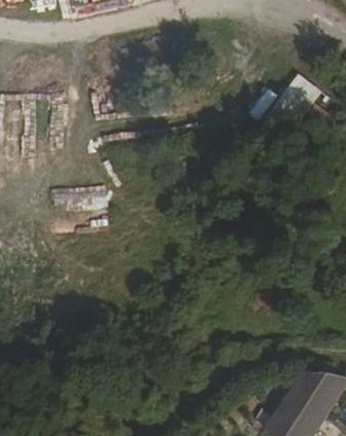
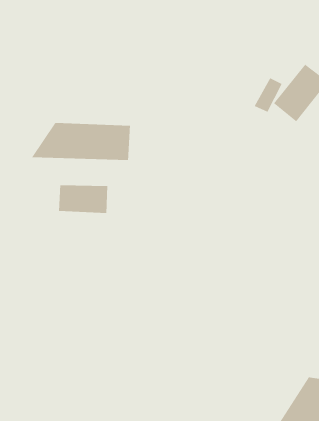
building: none -> [31,122,131,161]

